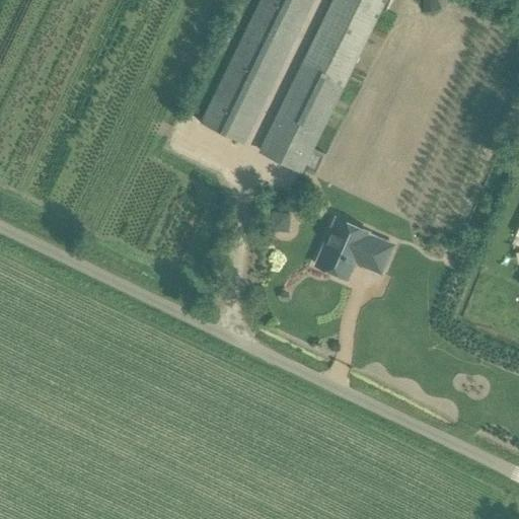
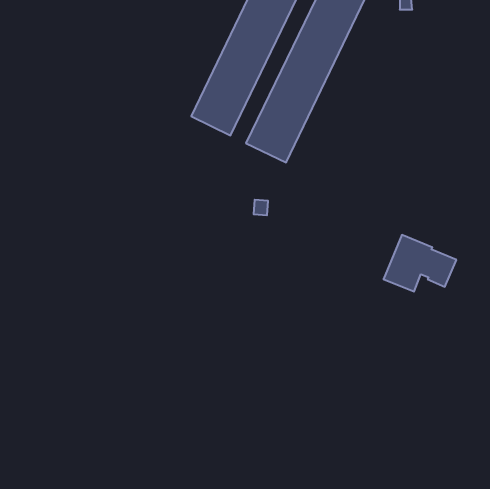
building: [315,218,392,278] -> [383,235,456,292]

